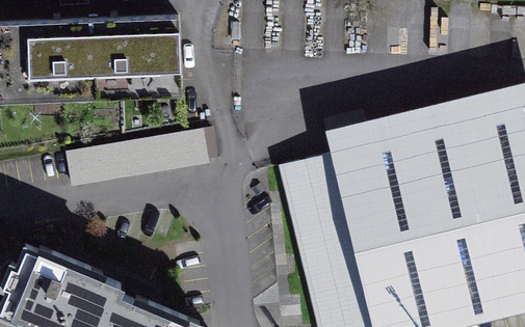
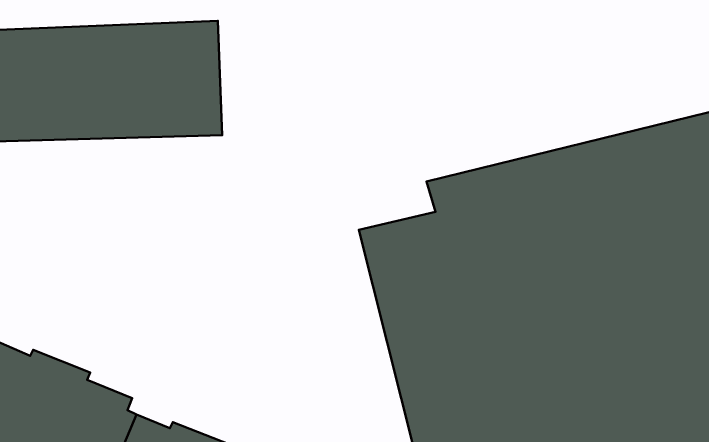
building: [63,129,209,183] -> none

